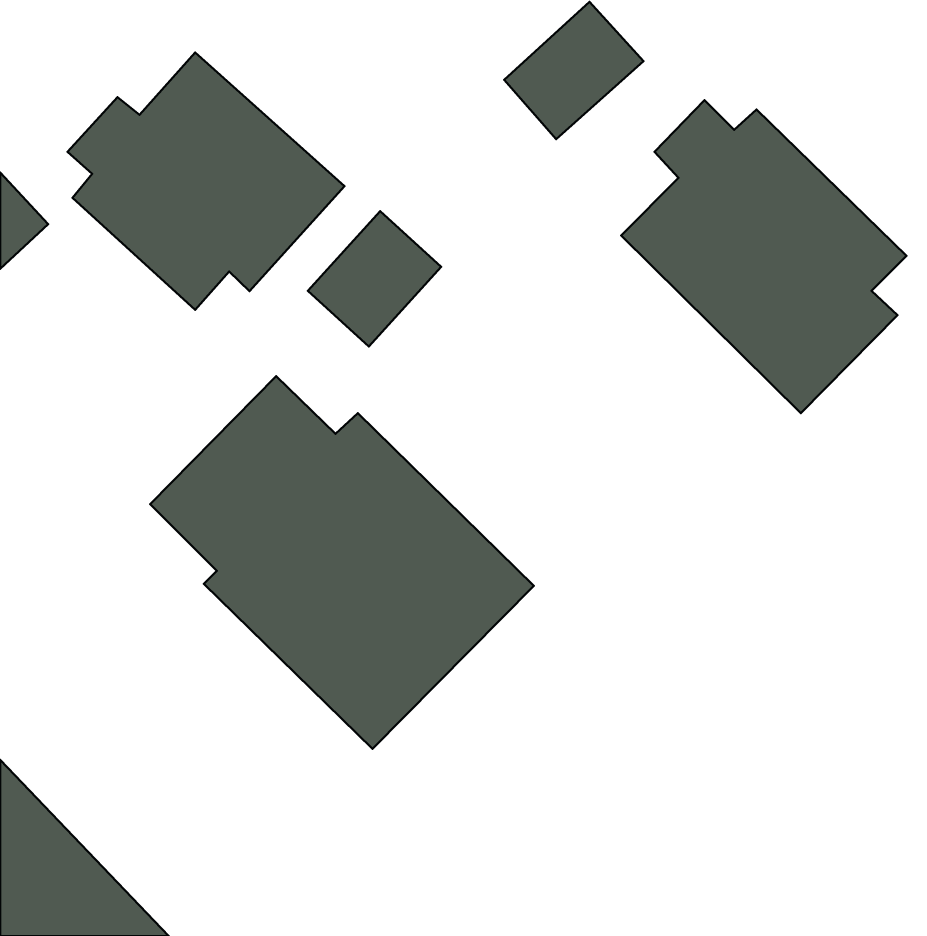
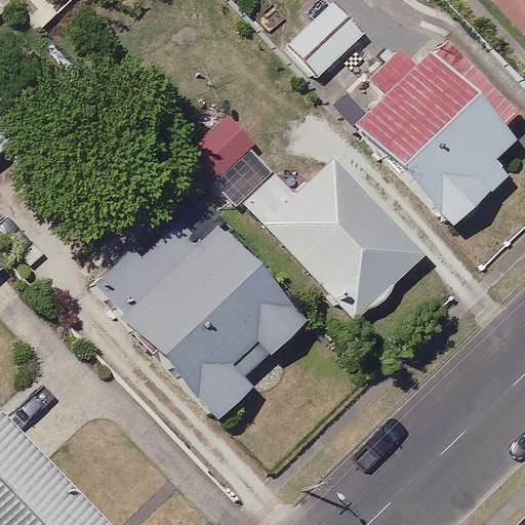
building: [67,52,345,310] -> none
building: none -> [247,159,426,320]

